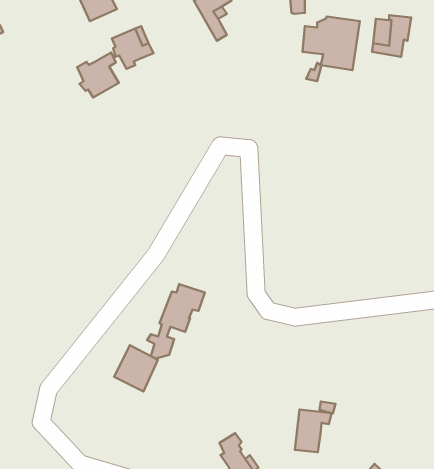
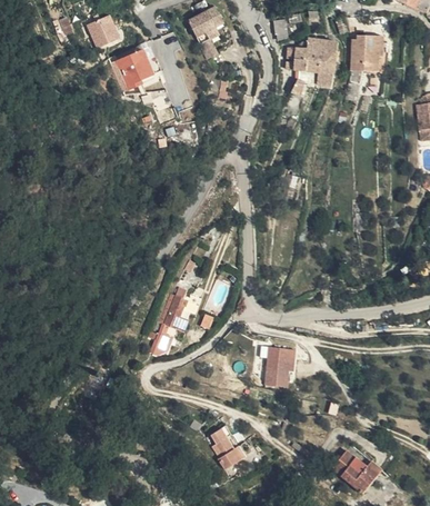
building: [77,53,119,98] -> none
building: [114,345,158,391] -> none
building: [295,410,331,452] -> [264,346,298,385]

